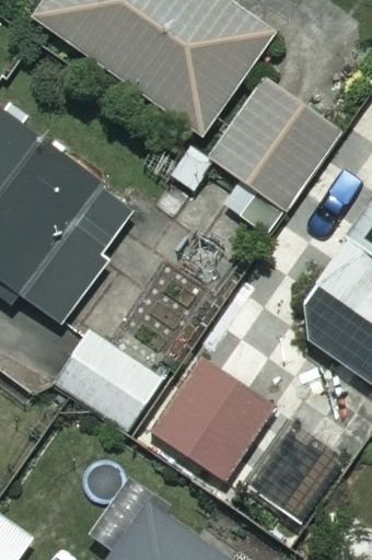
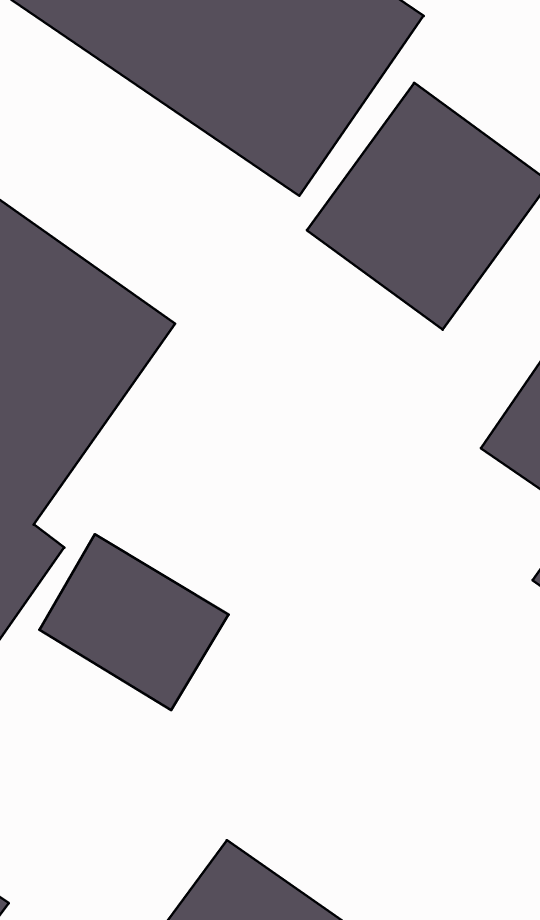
building: [148,360,267,478] -> none

